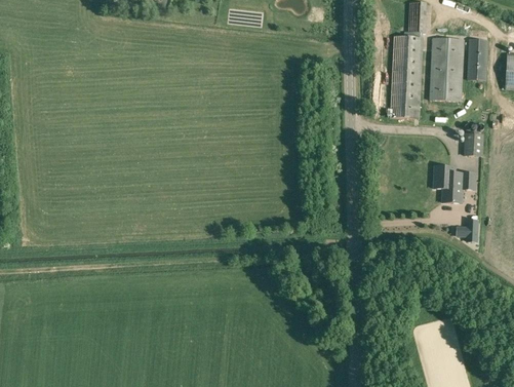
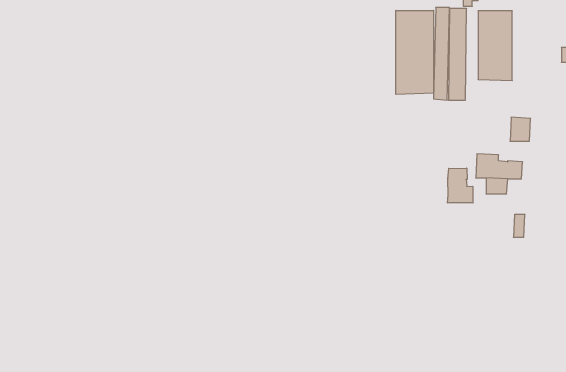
building: [468,36,484,78] -> none
building: none -> [396,10,434,94]
building: none -> [448,168,473,203]

